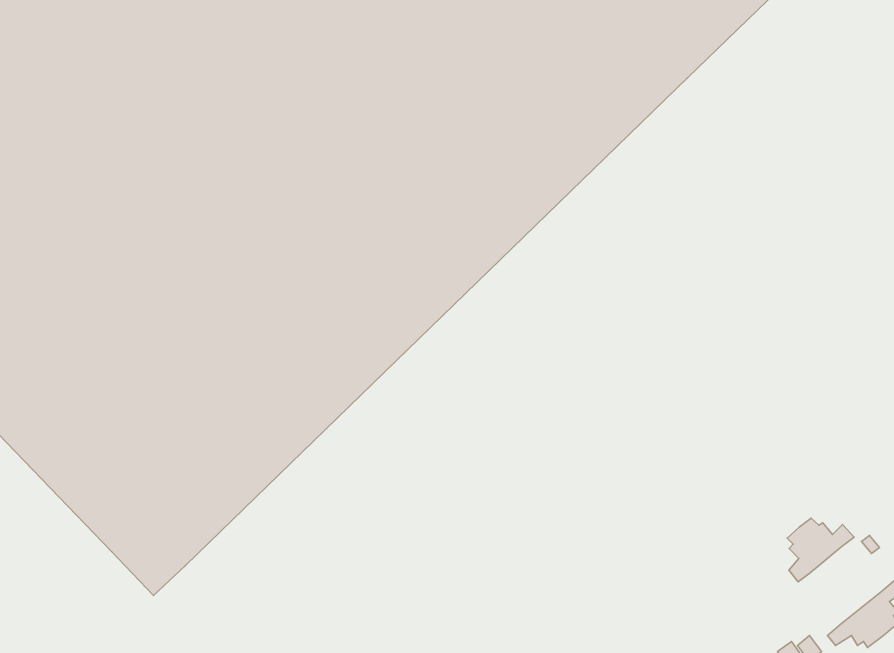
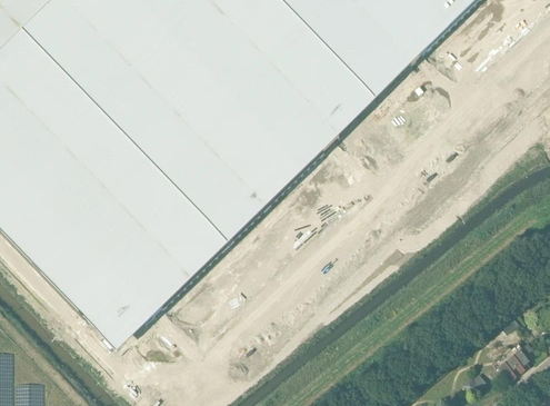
building: [787,518,854,582] -> none

